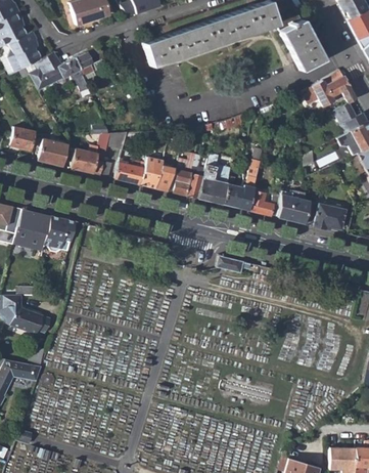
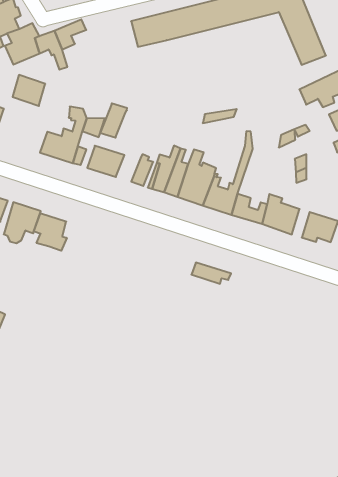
building: [40,140,68,167] -> [13,75,45,106]
building: [142,158,165,188] -> [100,103,127,138]
building: none -> [34,213,67,251]

